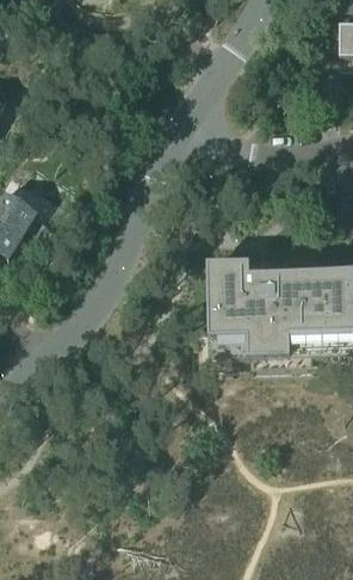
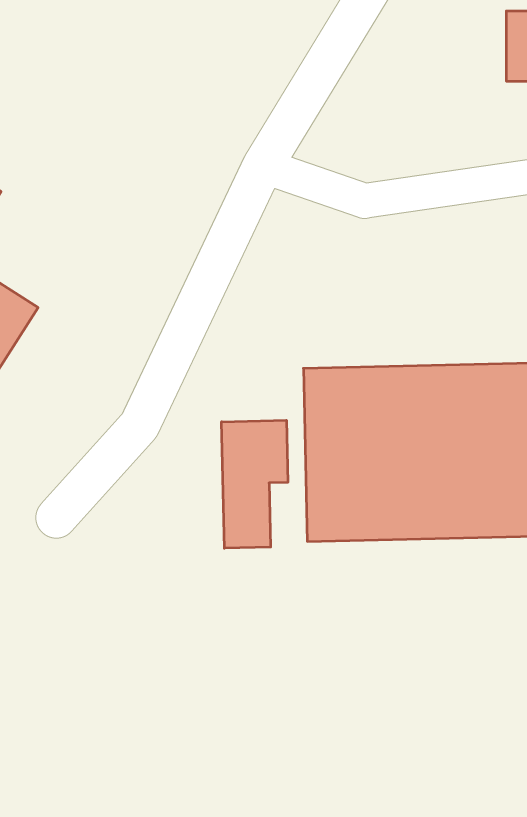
building: none -> [222,420,288,548]

